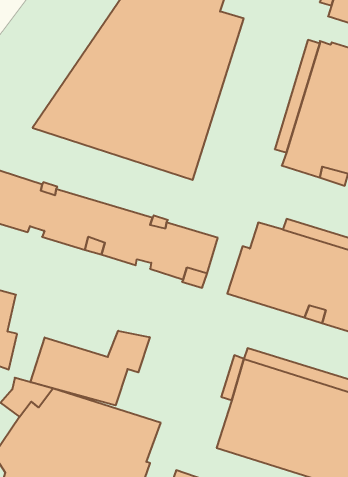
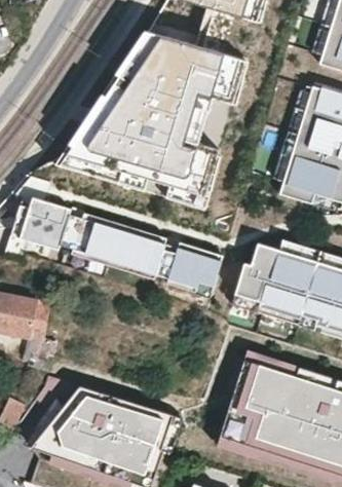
building: [31,331,150,405] -> none

